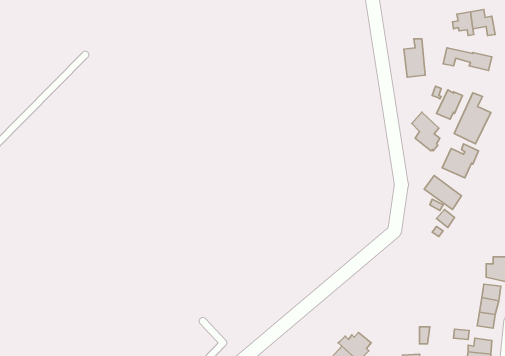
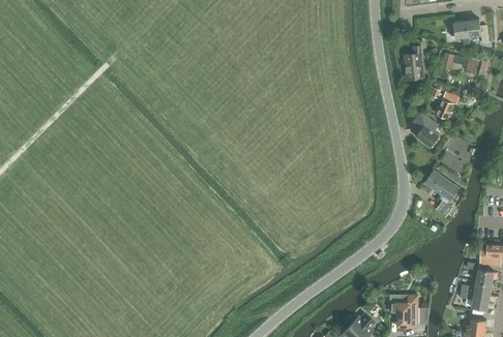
building: [454,93,491,144] -> none
building: none -> [389,295,417,326]

